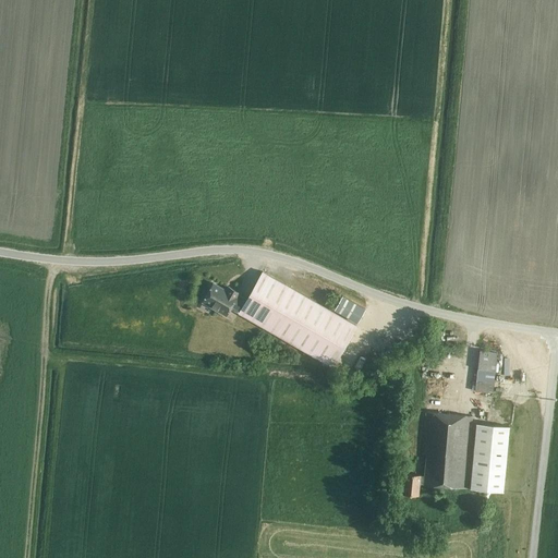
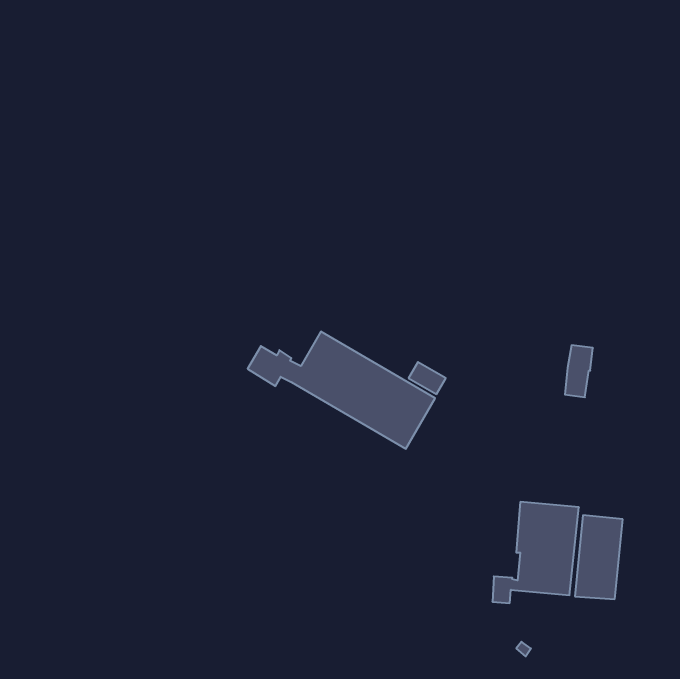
building: [475,351,498,393] -> [565,345,593,397]

